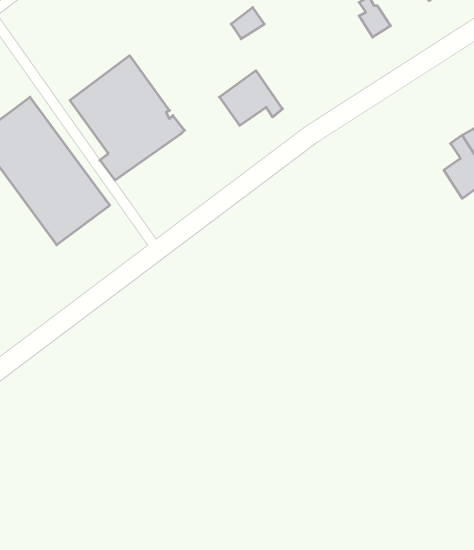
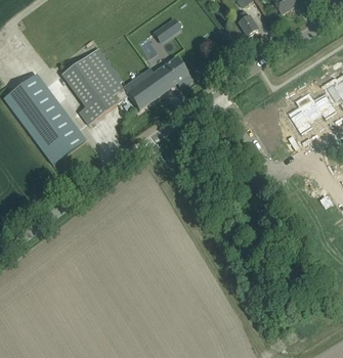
building: none -> [124,68,165,109]

